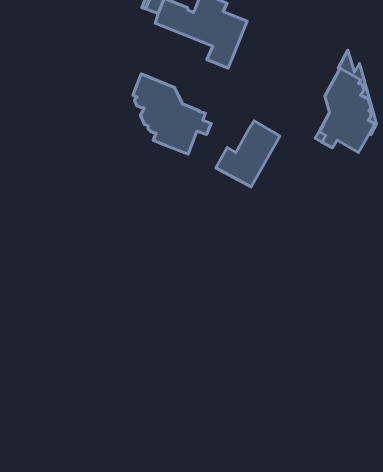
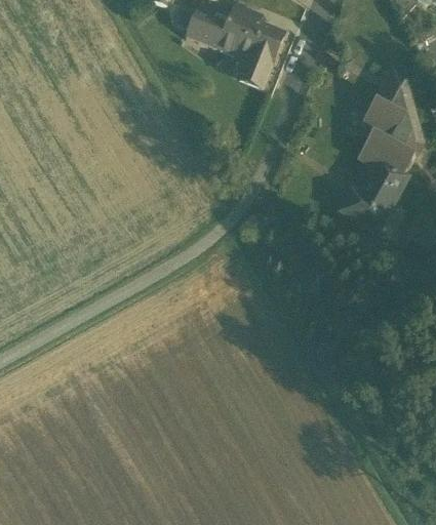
building: [133,74,211,154] -> none
building: [216,121,280,187] -> [338,159,406,230]

